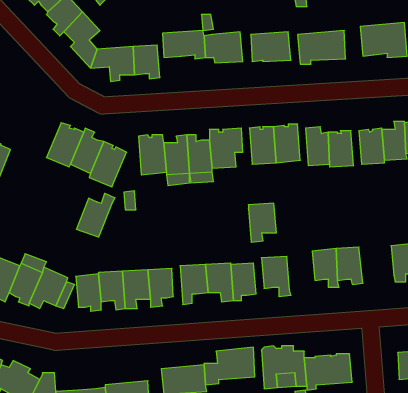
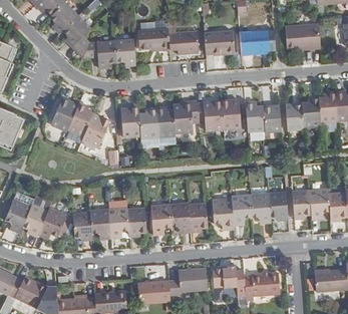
building: [76,193,115,237] -> none
building: [248,203,276,242] -> [231,195,252,224]
building: none -> [292,191,311,218]

